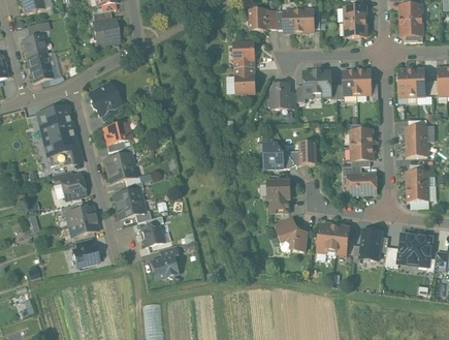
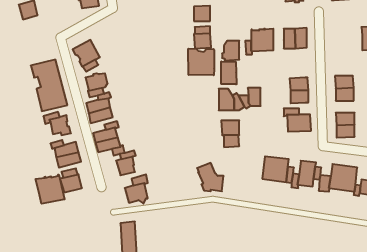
building: [28,53,53,83] -> none
building: [397,67,425,96] -> none
building: none -> [188,48,214,75]
building: none -> [221,61,237,84]
building: [275,216,307,250] -> [197,163,224,191]
building: none -> [36,175,65,204]

